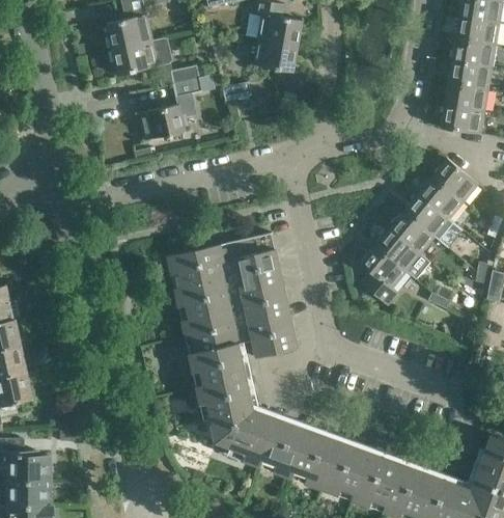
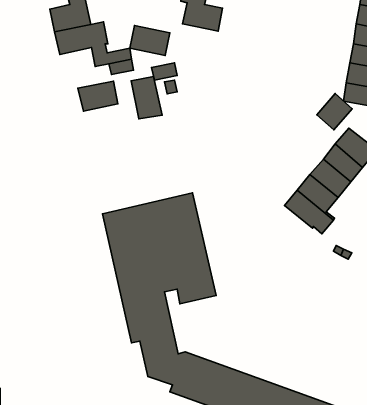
building: [252,38,298,73] -> [130,26,170,56]
building: none -> [131,76,162,119]
building: none -> [317,94,352,130]
building: [361,246,405,303] -> none

